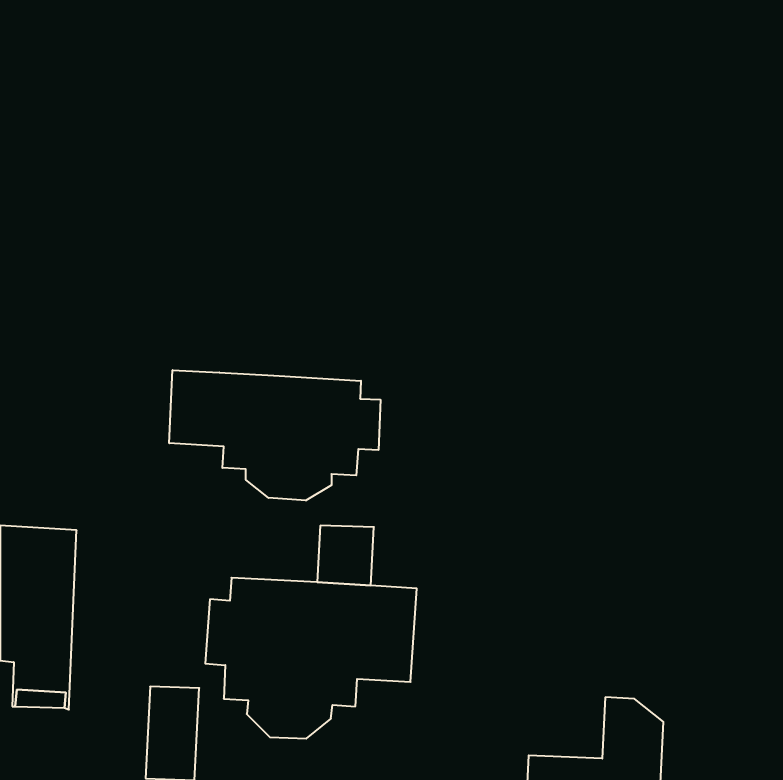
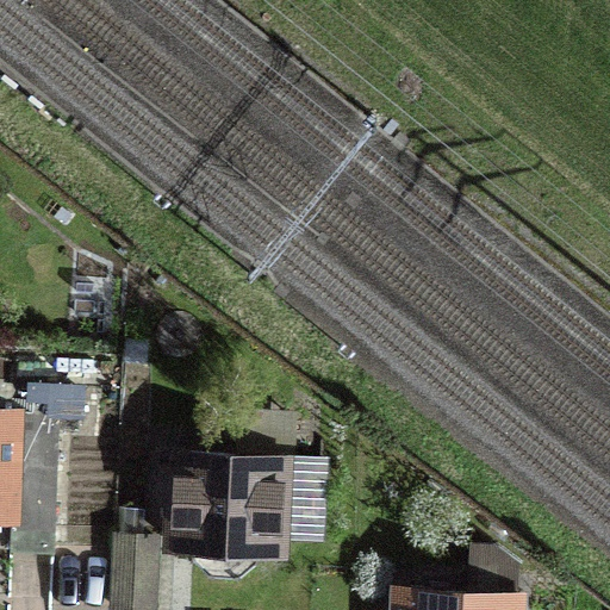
building: [169,370,380,501] -> none

